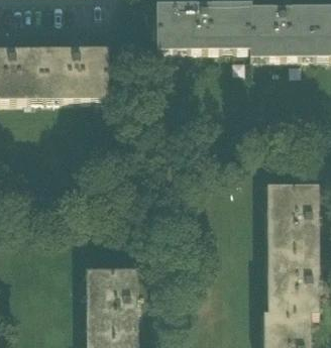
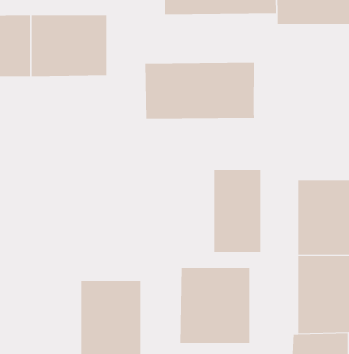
building: none -> [145,62,254,120]
building: none -> [214,169,261,253]
building: none -> [180,267,250,344]

